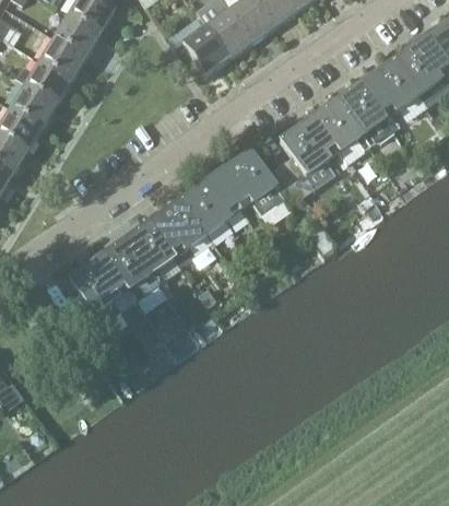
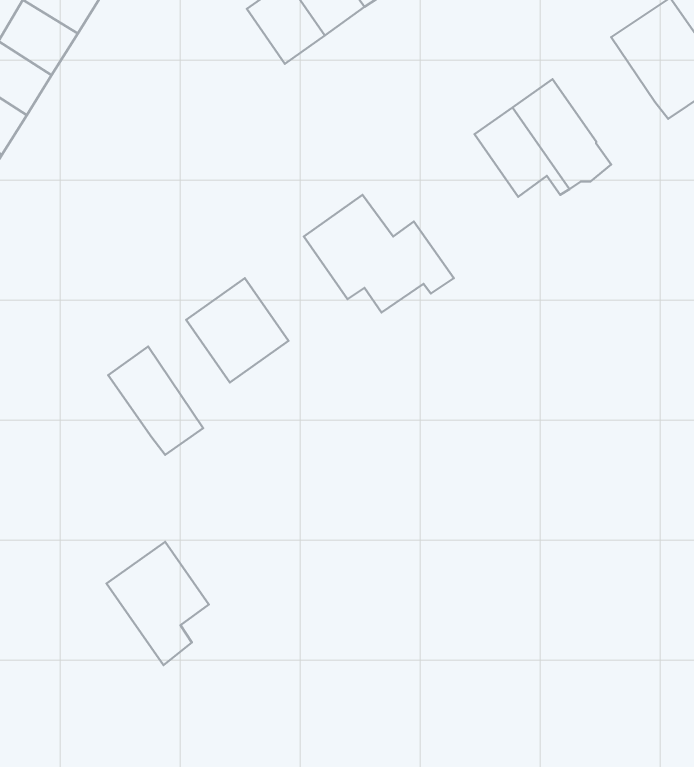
building: [359,57,418,117] -> none
building: [280,113,340,196] -> none
building: [182,172,241,232] -> none
building: [127,220,174,282] -> none
building: [70,251,129,322] -> [106,542,209,665]

